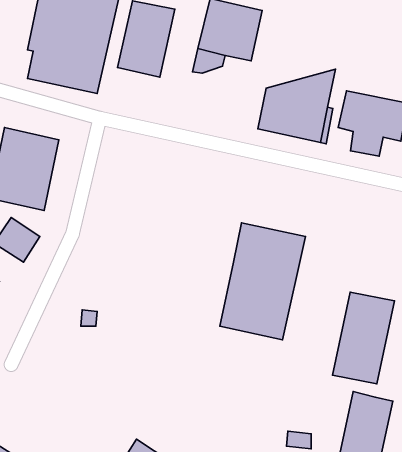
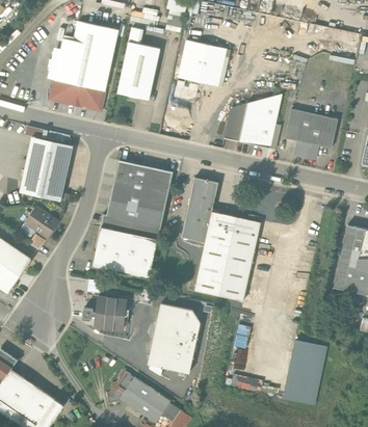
building: none -> [96,164,170,277]
building: none -> [181,178,218,241]
building: [332,292,395,384] -> none
building: none -> [82,297,126,331]
building: none -> [147,303,200,375]

